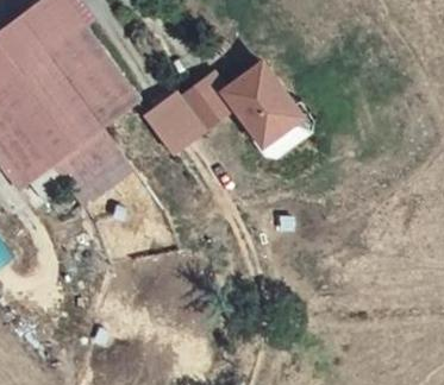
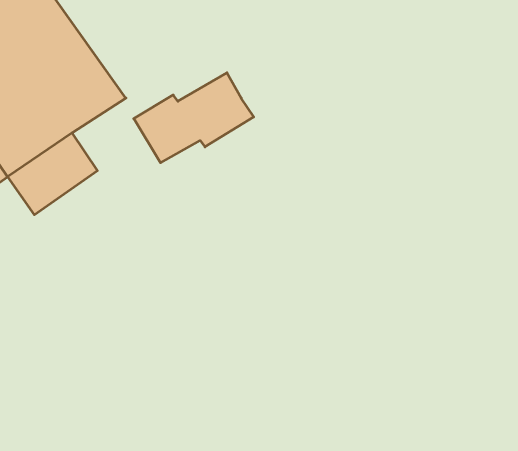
building: [223,70,290,144] -> none

